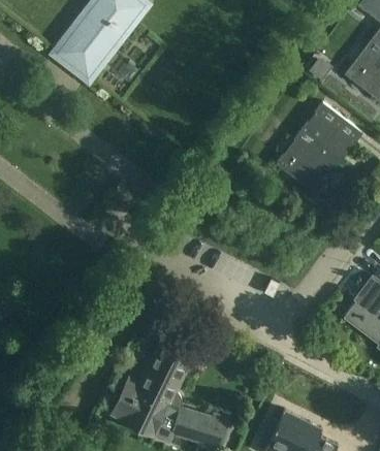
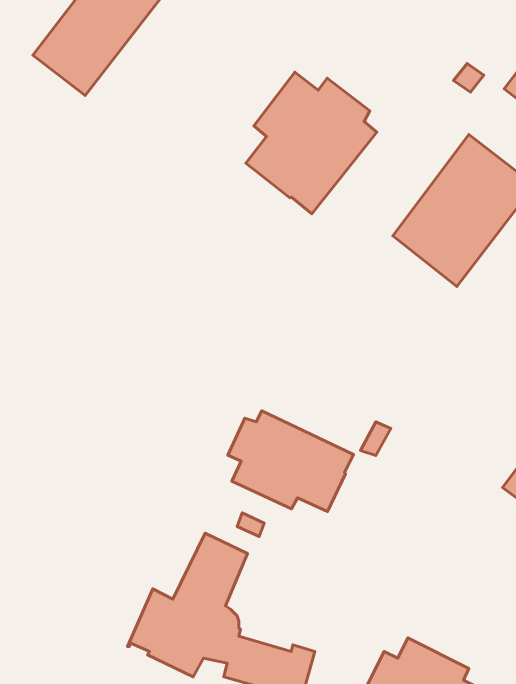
building: none -> [246,72,377,214]
building: none -> [228,411,354,512]

